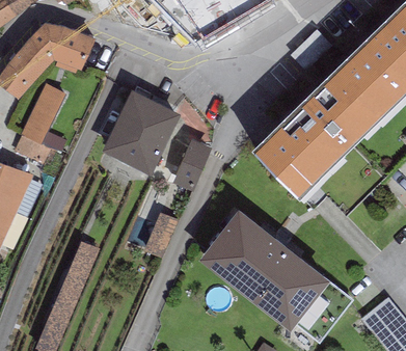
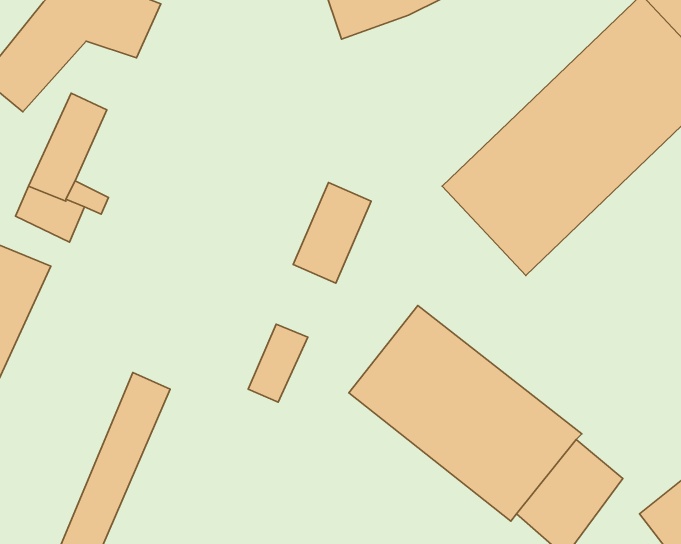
building: [101,87,181,171] -> none

